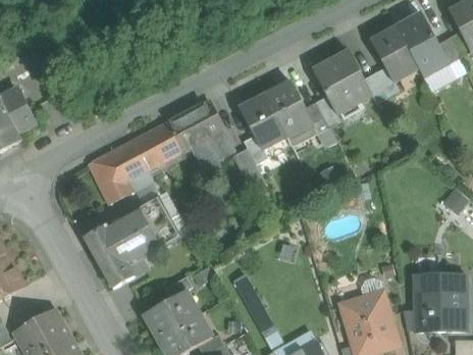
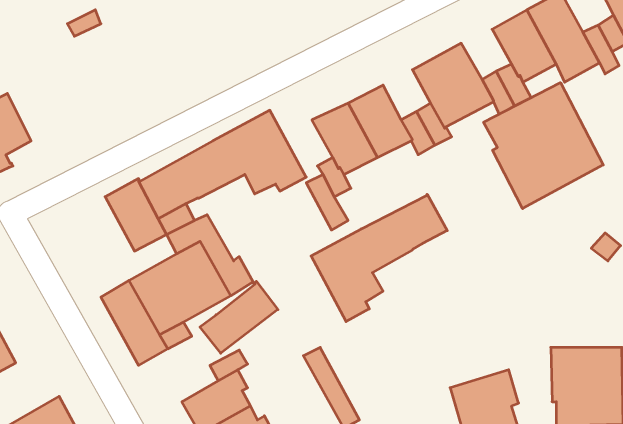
building: none -> [484,83,603,209]
building: none -> [311,194,447,322]
building: none -> [200,281,278,353]

